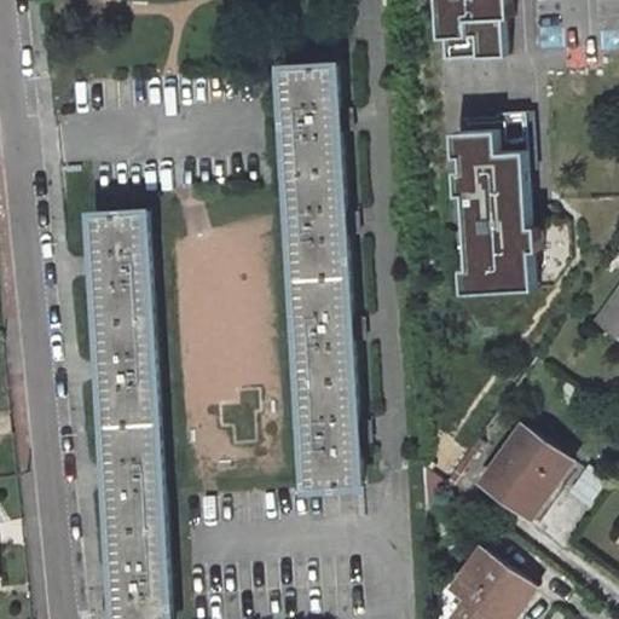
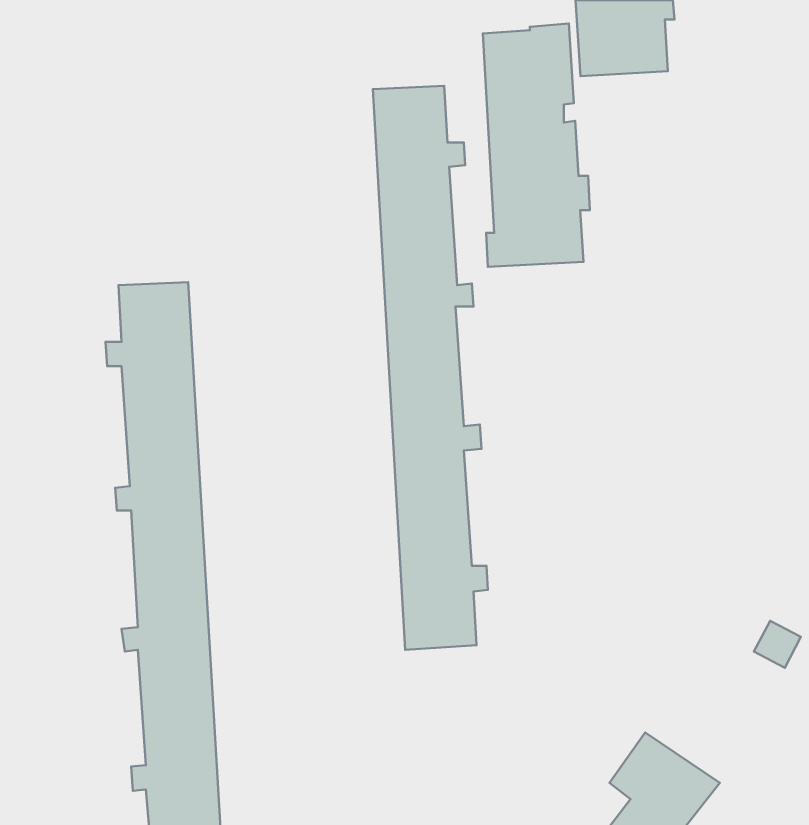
building: [451,111,531,293] -> [483,24,590,267]
building: [484,424,572,515] -> none

